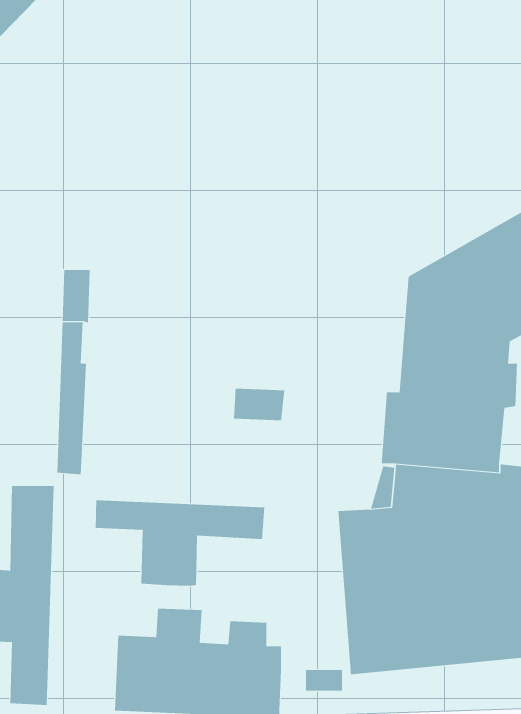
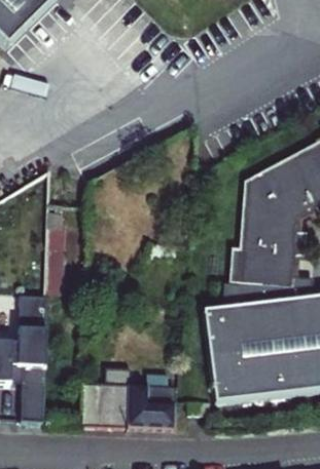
building: [95,500,265,586] -> none

